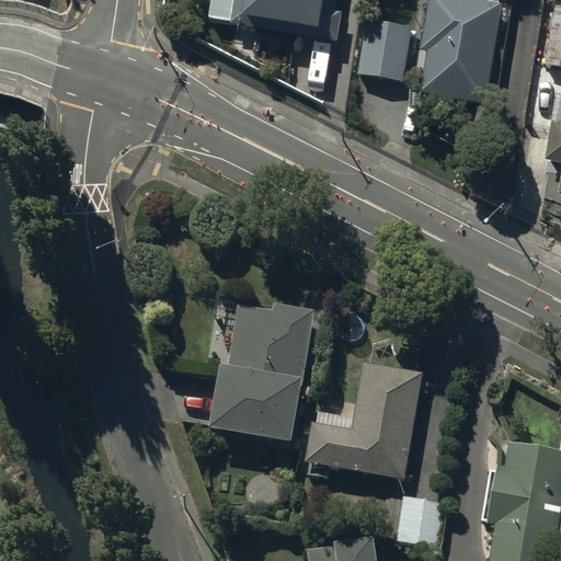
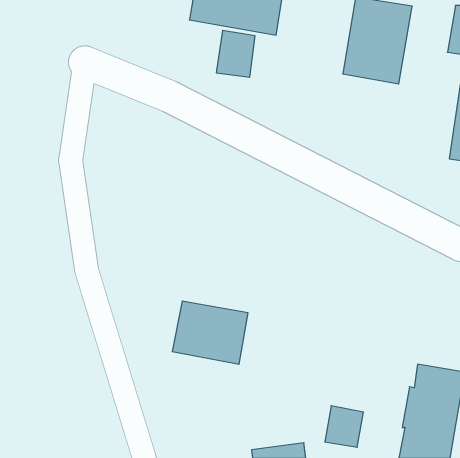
building: [362,19,409,76] -> [216,30,255,77]
building: [229,304,316,380] -> none
building: [306,363,419,474] -> none

